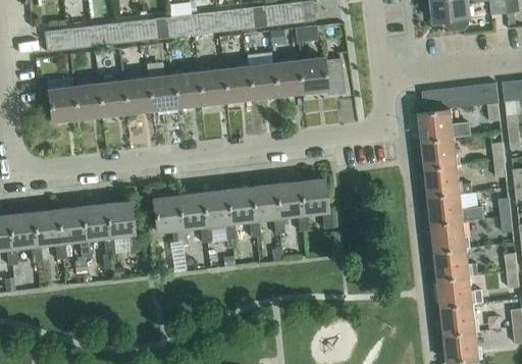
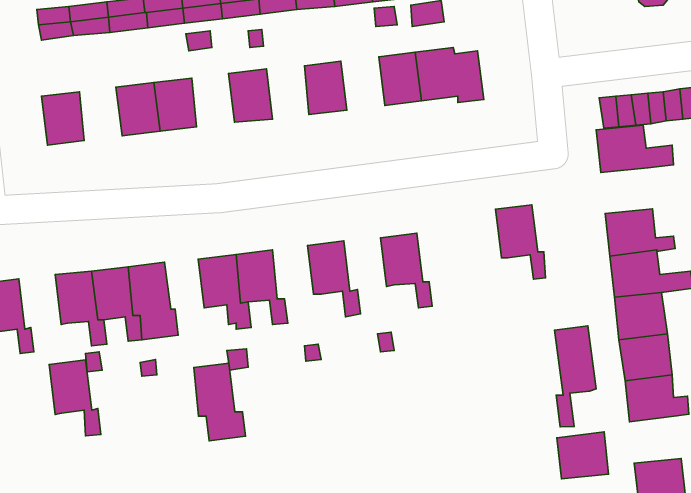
building: [247,51,277,99] -> none
building: [198,69,226,105] -> none
building: [148,74,176,110] -> none
building: [72,84,101,119] -> none
building: [422,138,457,168] -> none
building: [299,178,332,228] -> [495,205,545,279]
building: [250,185,284,235] -> none
building: [202,190,237,242] -> [194,363,246,441]
building: [32,209,66,260] -> [49,360,101,436]
building: none -> [555,326,596,427]
building: [441,304,476,335] -> [557,432,609,479]

